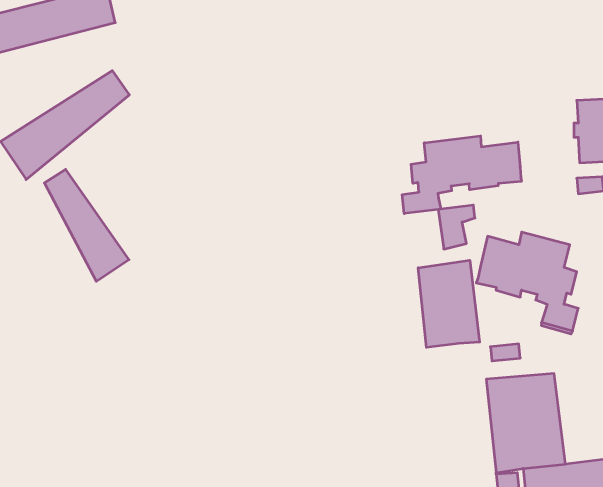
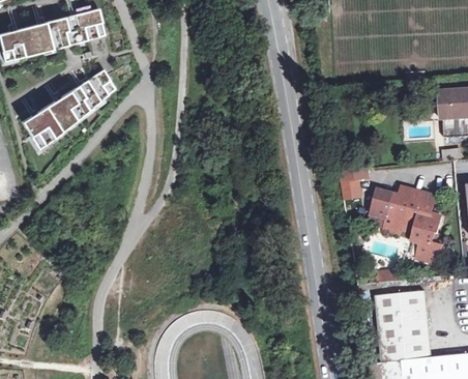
building: [402,136,521,214] -> none
building: [44,169,129,281] -> none
building: [418,260,480,347] -> none

